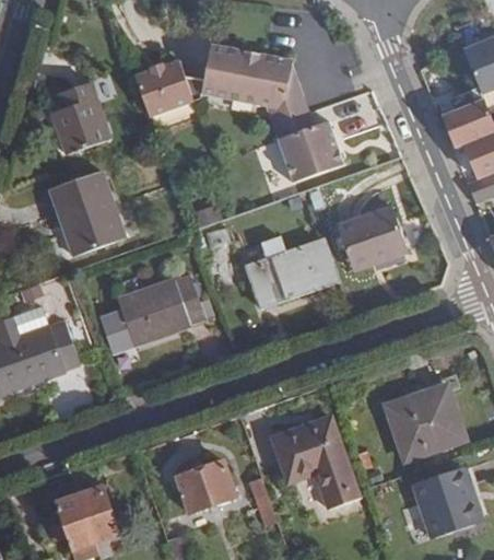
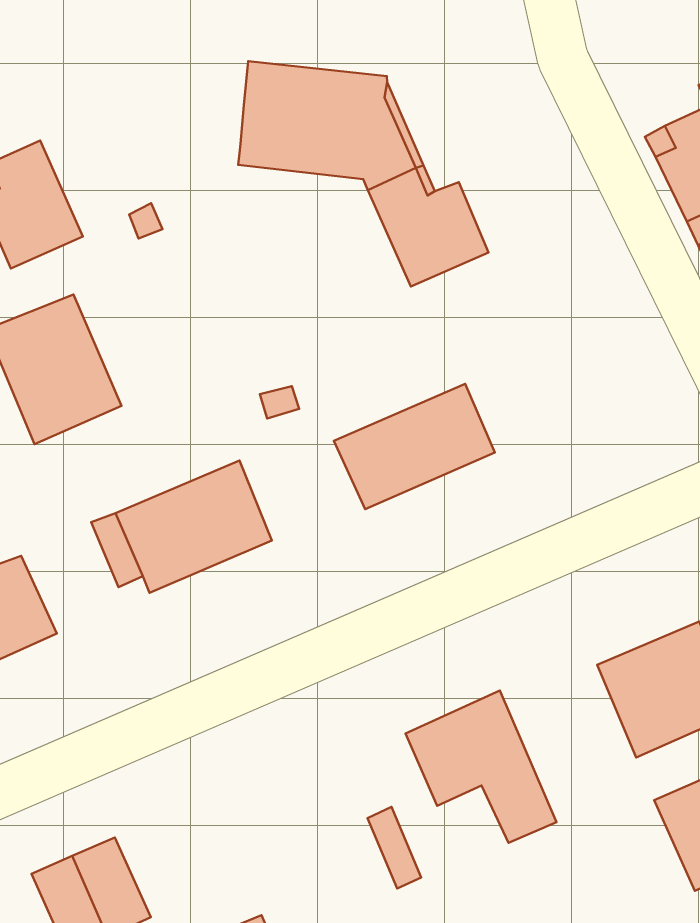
building: [132,60,207,117] -> none
building: [338,207,407,269] -> none
building: [178,460,236,511] -> none

